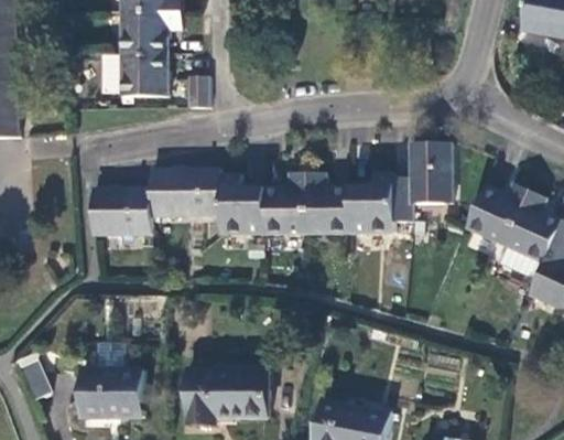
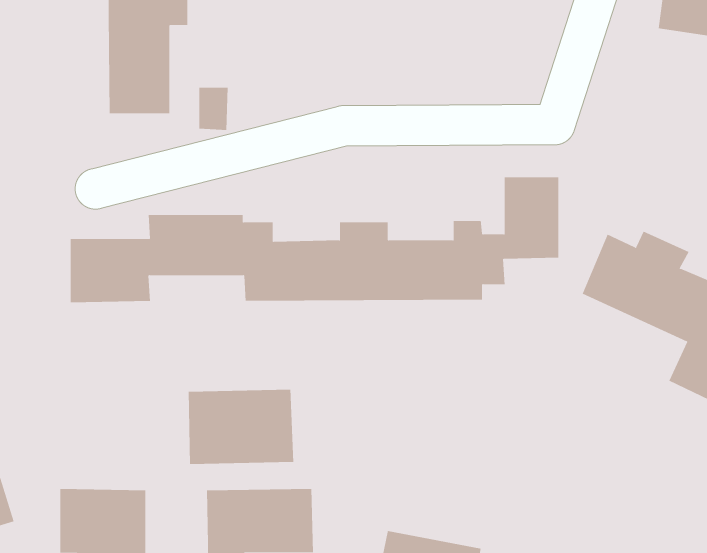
building: none -> [188,389,294,465]

